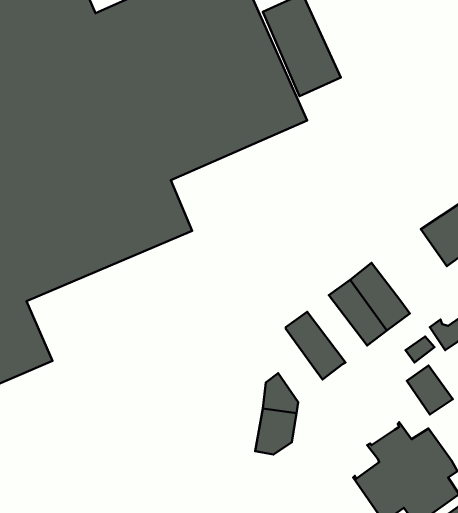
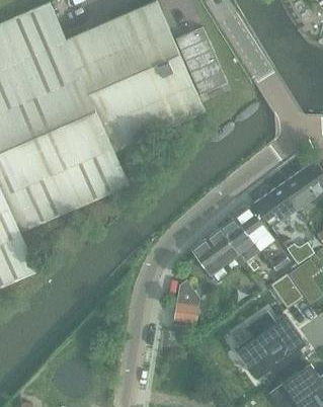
building: none -> [253,184,298,228]
building: none -> [206,228,245,272]

